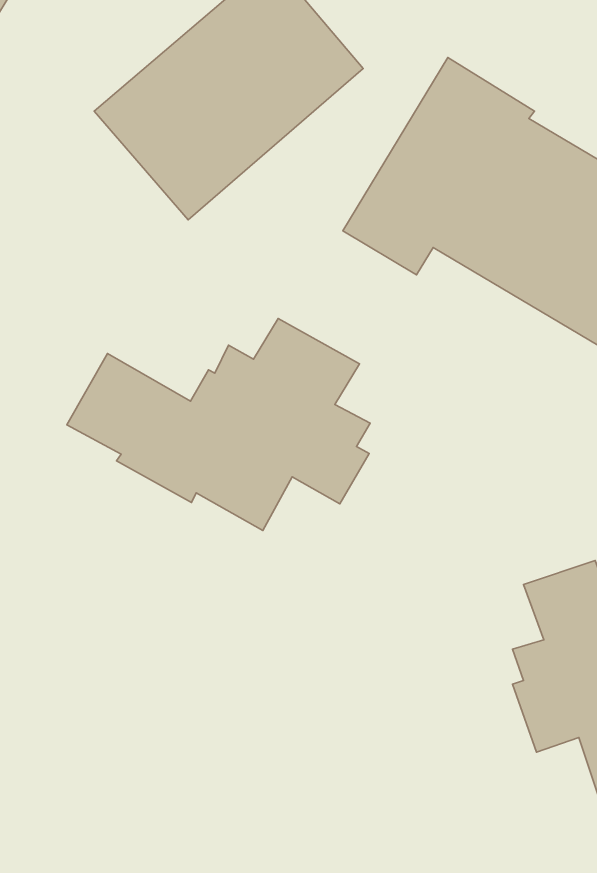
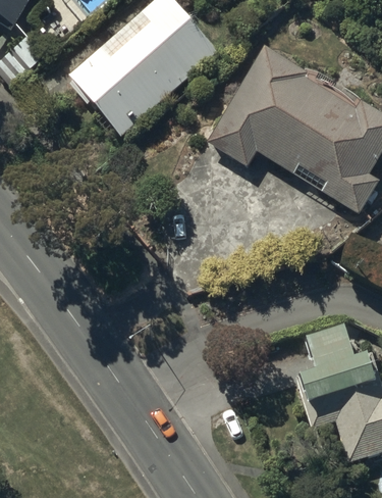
building: [67,318,370,530] -> none

